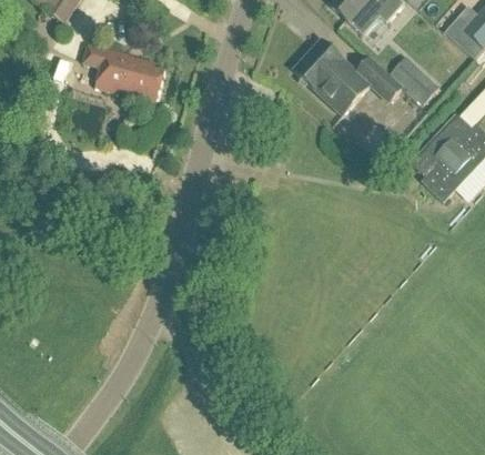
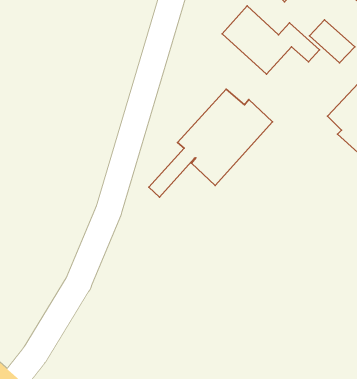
building: [83,42,164,103] -> none
building: none -> [149,89,272,197]

